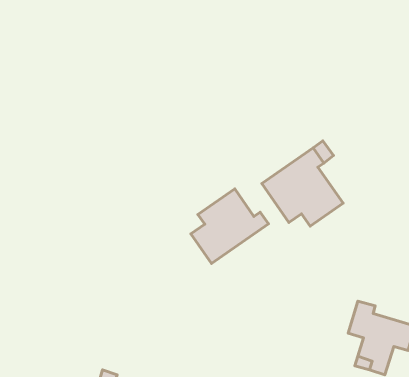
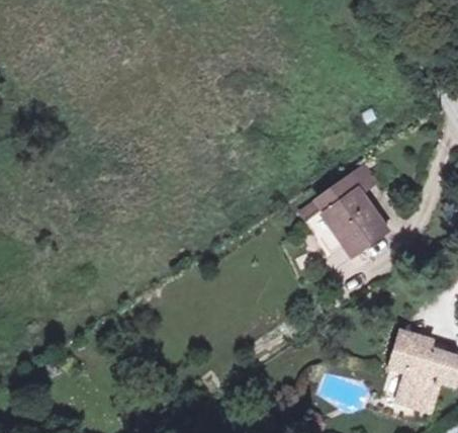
building: [191,189,269,264] -> none

